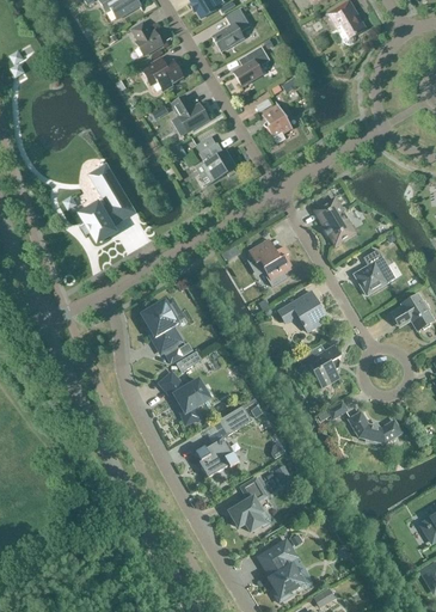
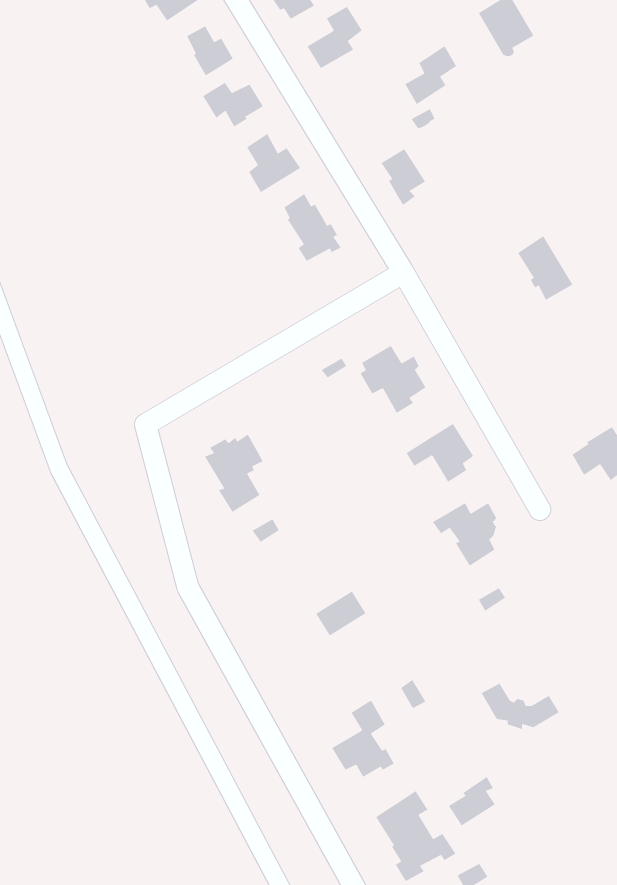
building: [233,45,269,86] -> [404,45,457,105]
building: [79,166,133,241] -> none
building: [315,198,354,243] -> [517,235,574,301]
building: [354,249,387,294] -> none
building: [159,372,210,423] -> none
building: [348,411,401,443] -> [480,682,560,730]
building: [195,437,239,477] -> none
building: none -> [448,773,497,833]

